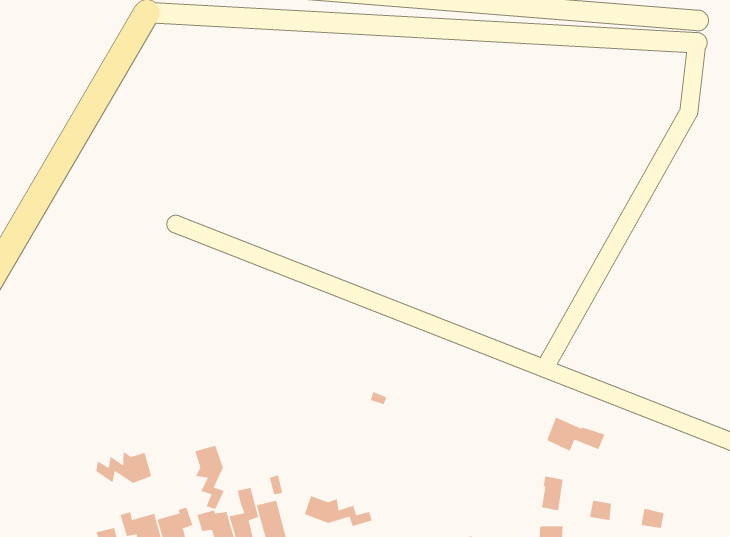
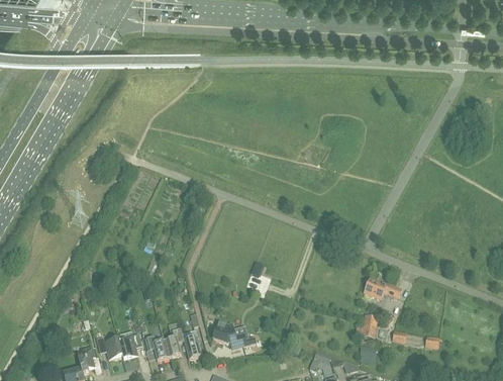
building: [194,445,225,510] -> none
building: [95,451,152,484] -> none

